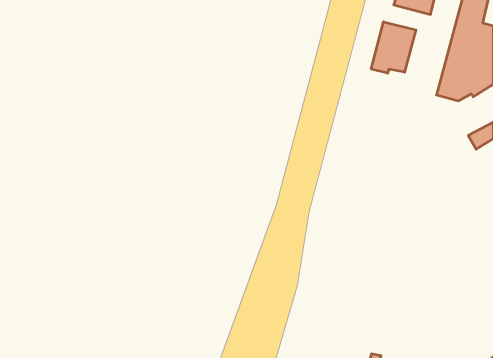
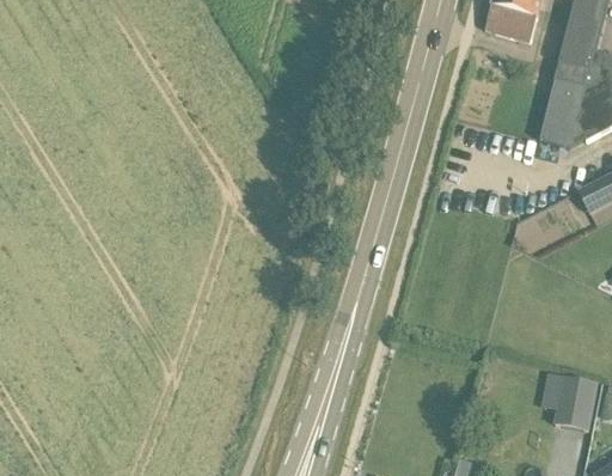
building: [371,22,416,73] -> none
building: none -> [553,378,596,433]

